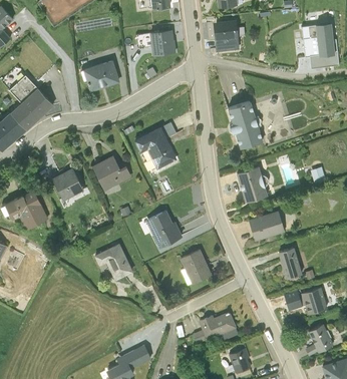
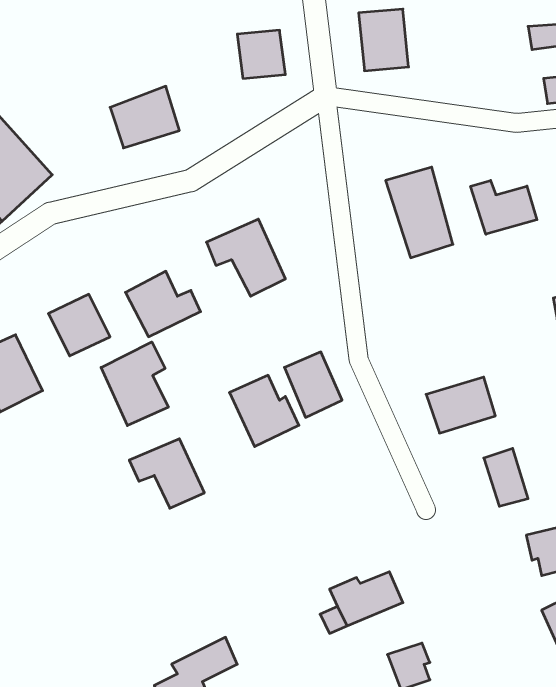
building: none -> [471,180,537,234]
building: [237,167,266,201] -> none
building: none -> [101,342,168,426]
building: [180,250,210,284] -> [284,352,342,417]

